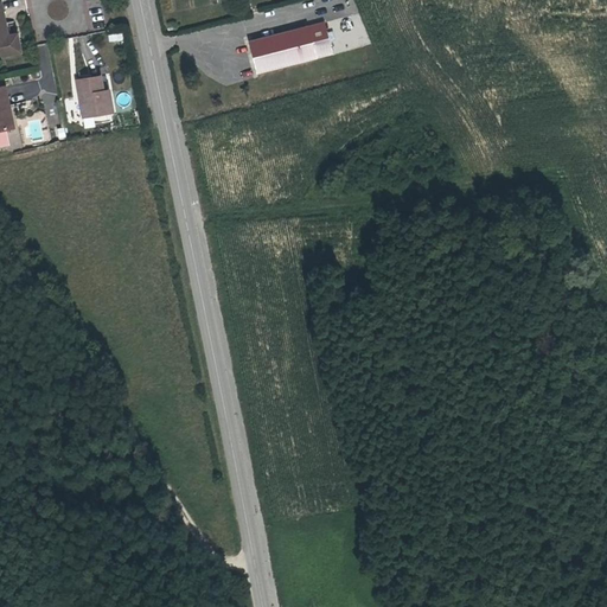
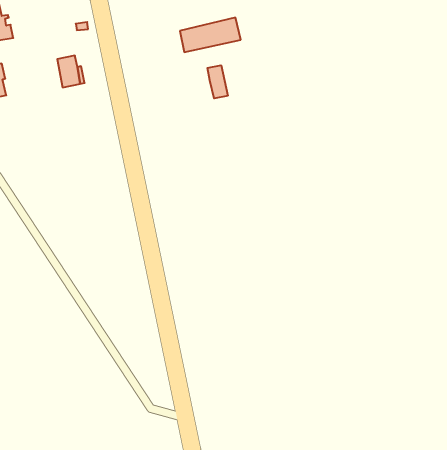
building: none -> [207,65,228,98]

